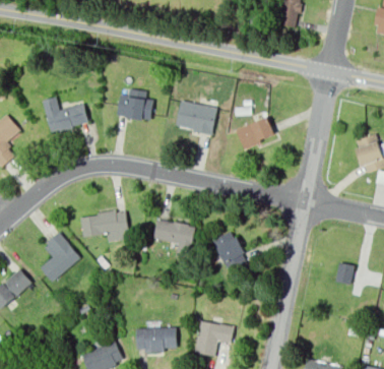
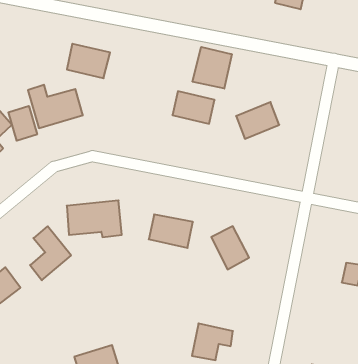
building: none -> [193,47,232,89]
building: [114,90,154,123] -> [67,44,110,78]
building: none -> [8,106,37,141]
building: [136,325,175,351] -> none

